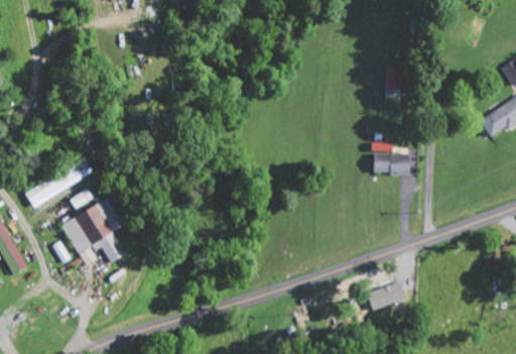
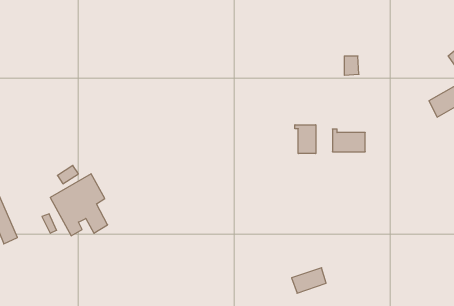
building: none -> [295,125,316,154]
building: [24,157,93,207] -> none
building: [367,281,405,310] -> [292,268,326,293]

